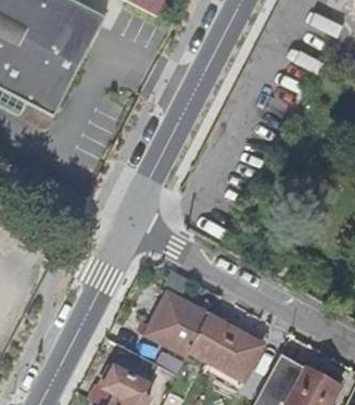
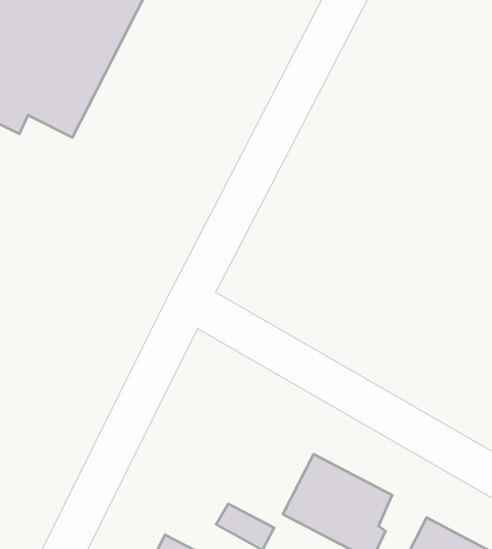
building: [147,293,208,356] -> none

